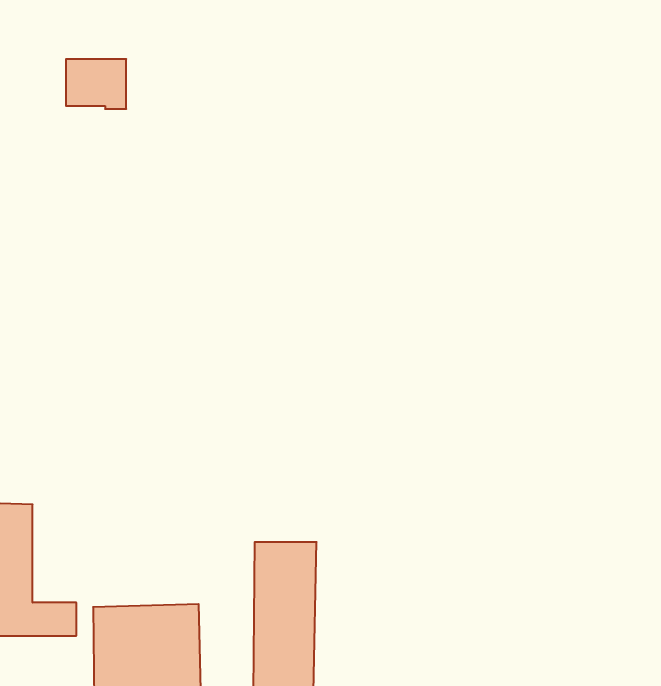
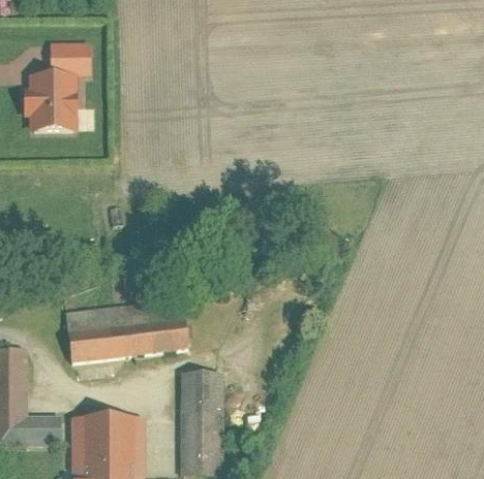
building: none -> [28,76,79,134]
building: none -> [66,305,187,360]

